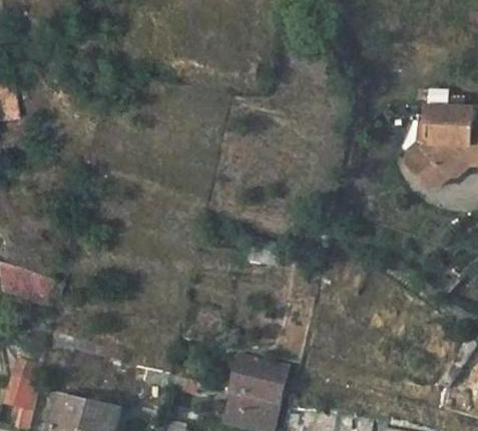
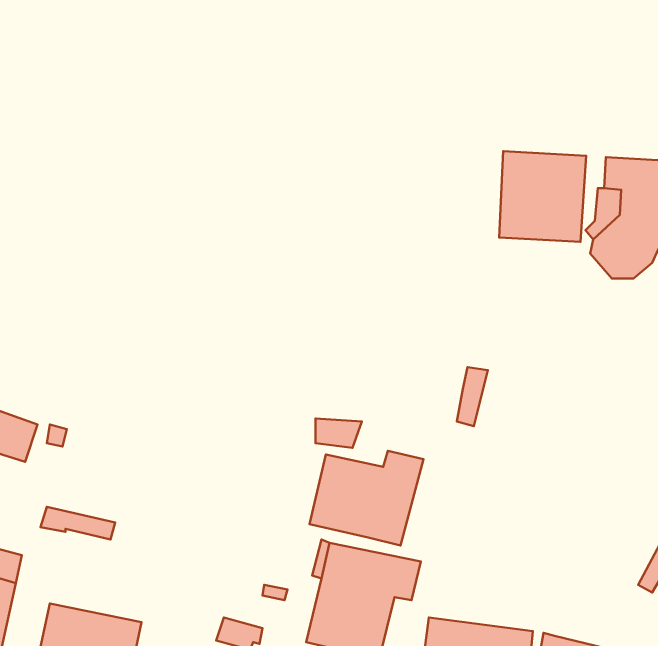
building: none -> [499,151,586,242]
building: none -> [310,451,423,546]

